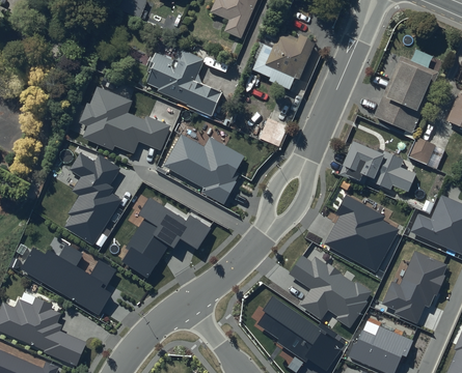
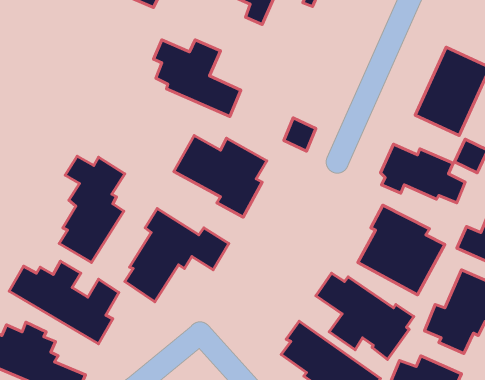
building: [253,30,319,90] -> none
building: [79,85,171,152] -> none

